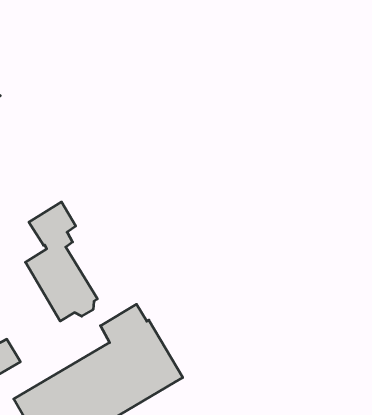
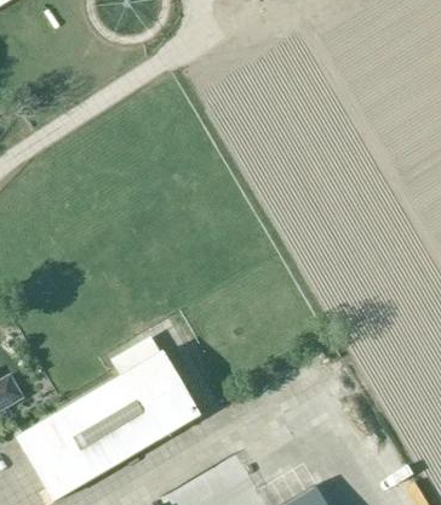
building: [25,202,97,321] -> none

